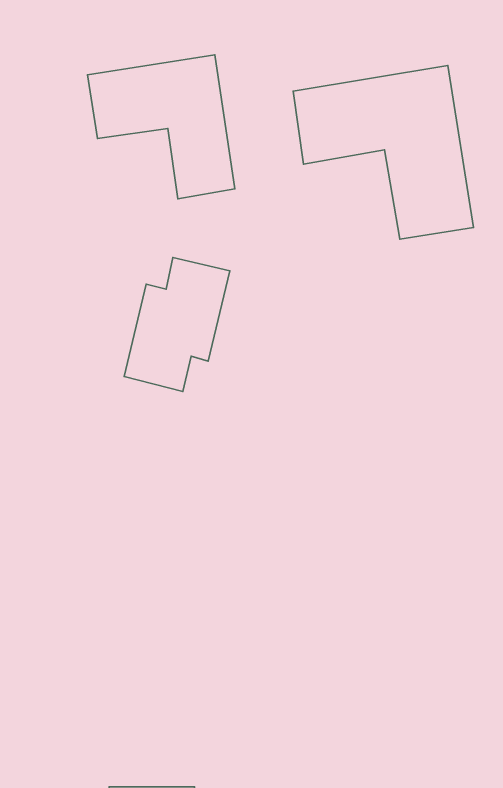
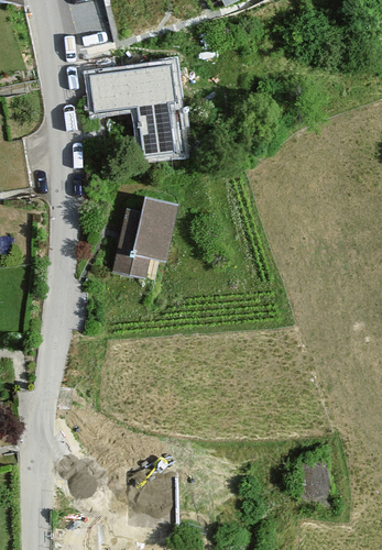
building: [293,65,474,239] -> none

